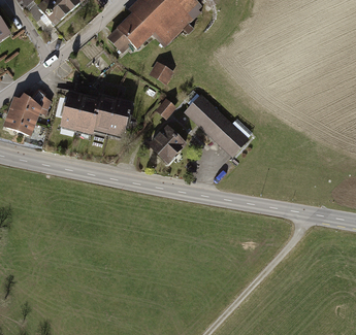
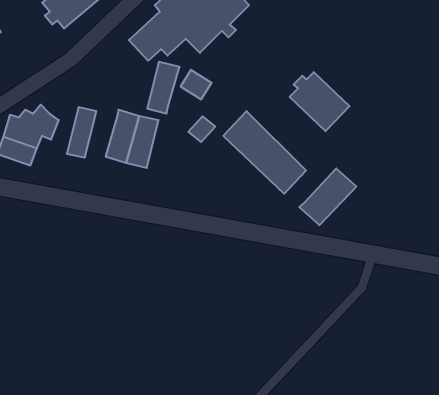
building: none -> [290,72,350,131]
building: [72,93,98,134] -> [147,62,180,114]
building: [149,123,190,163] -> none
building: none -> [299,168,356,225]

